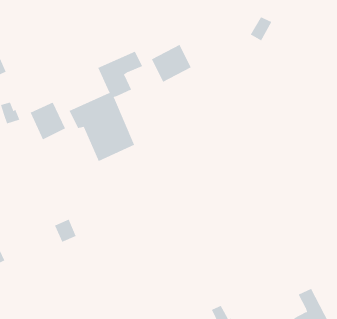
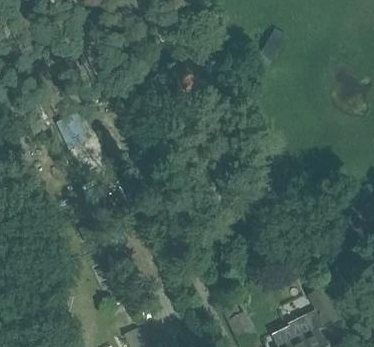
building: [69,51,143,162] -> none

